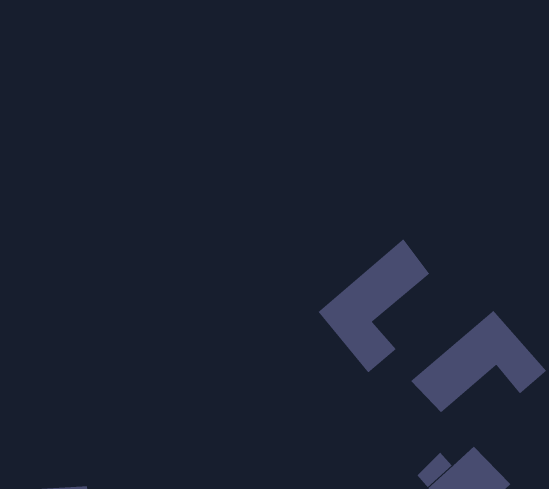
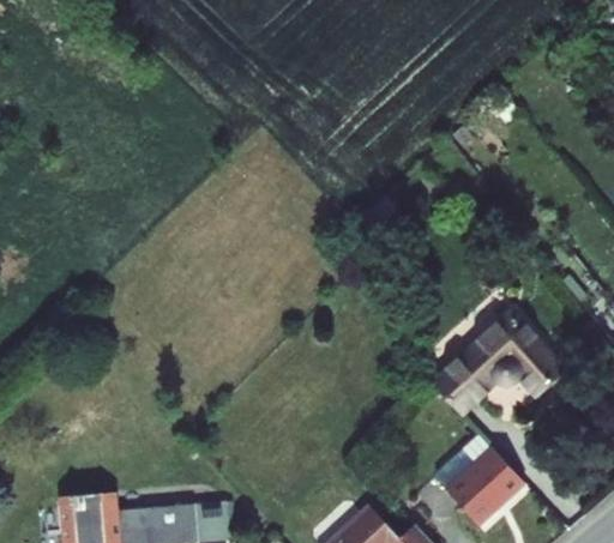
building: [317,238,430,373] -> none

